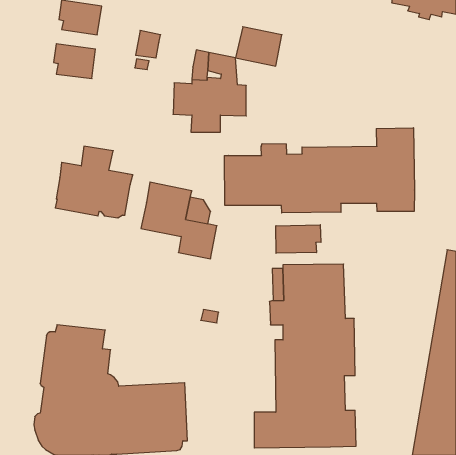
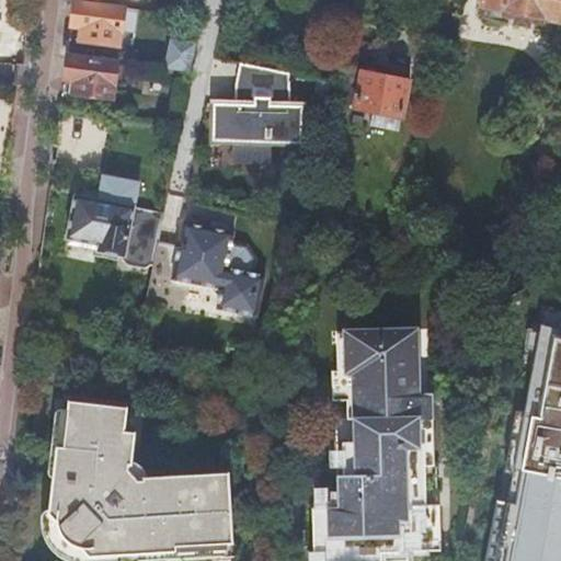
building: [236,27,282,66] -> [353,68,410,116]
building: [224,128,414,213] -> none
building: [276,225,321,253] -> none

